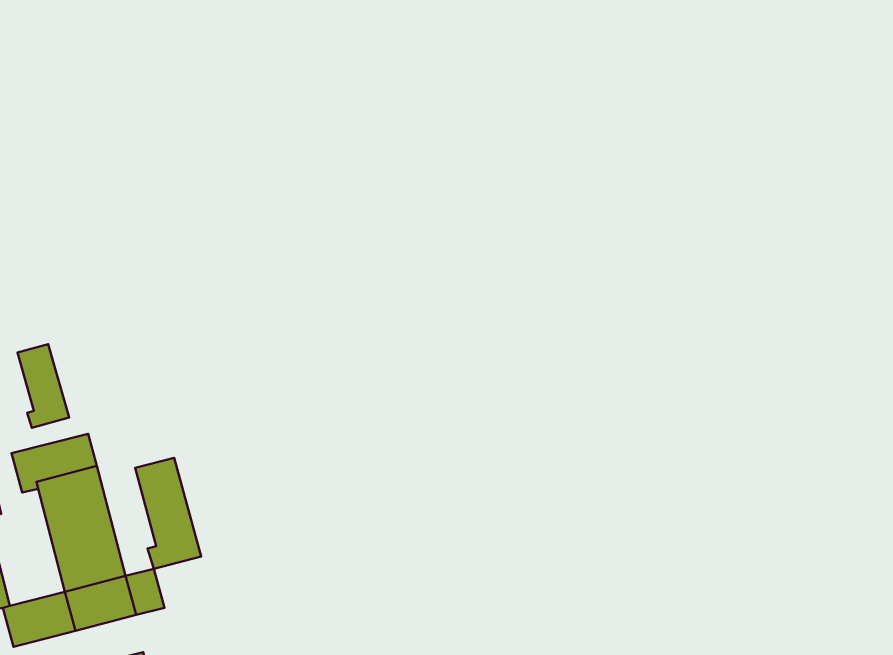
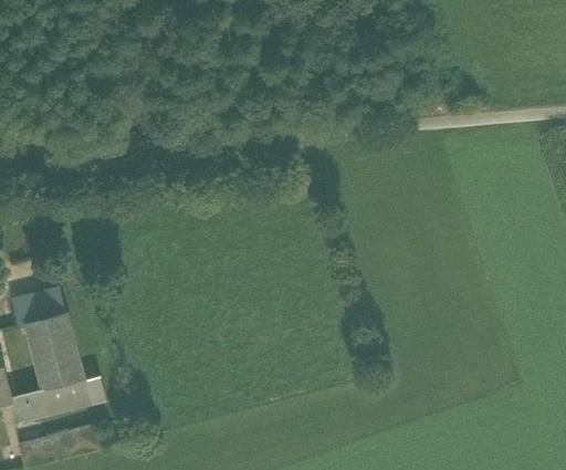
building: [17,344,69,428] -> none
building: [135,458,201,569] -> none

